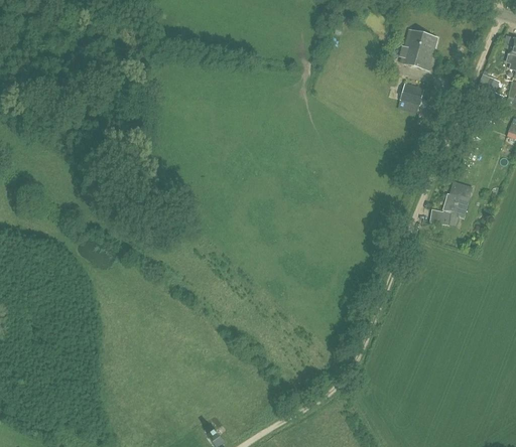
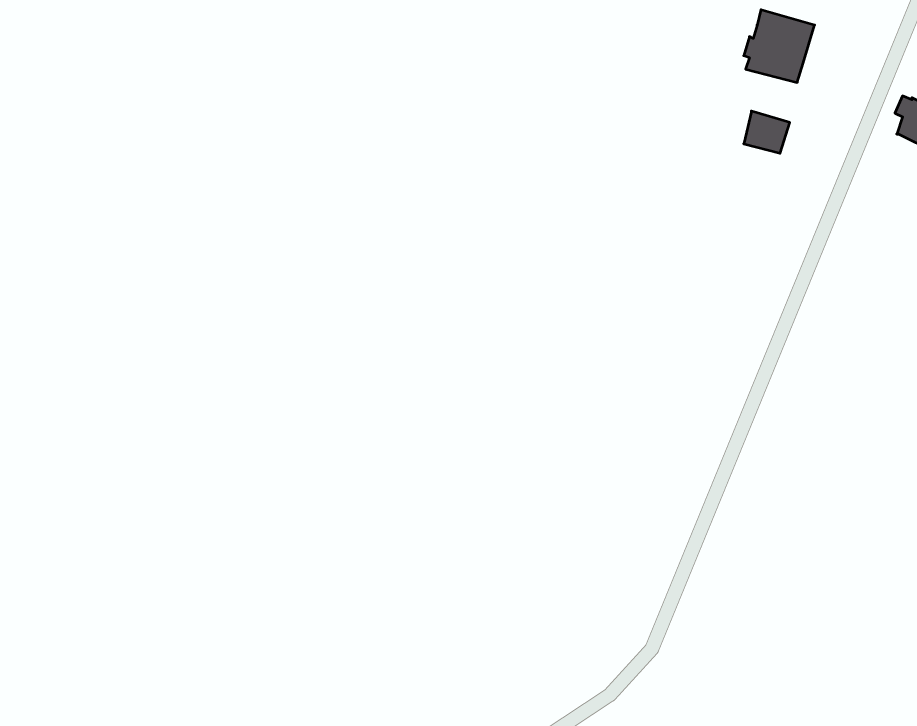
building: [430,182,472,226] -> none

